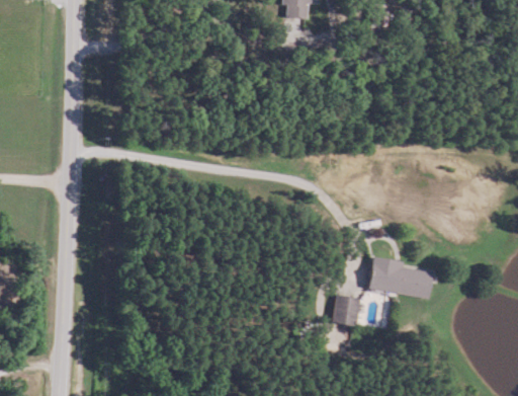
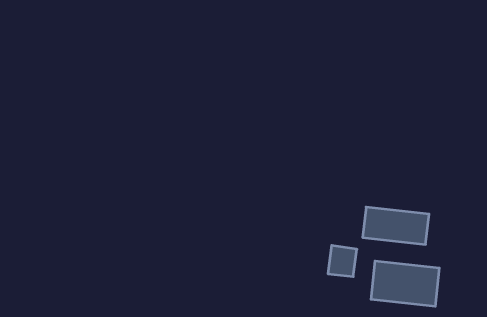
building: none -> [371,261,439,306]

